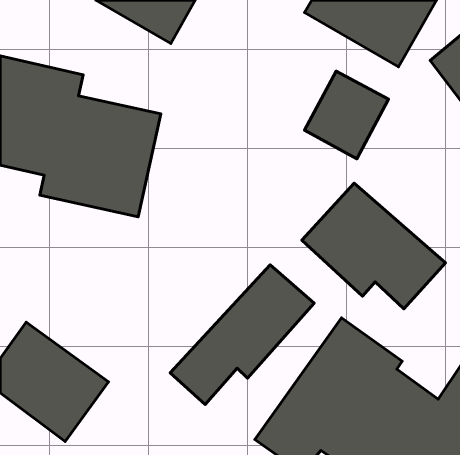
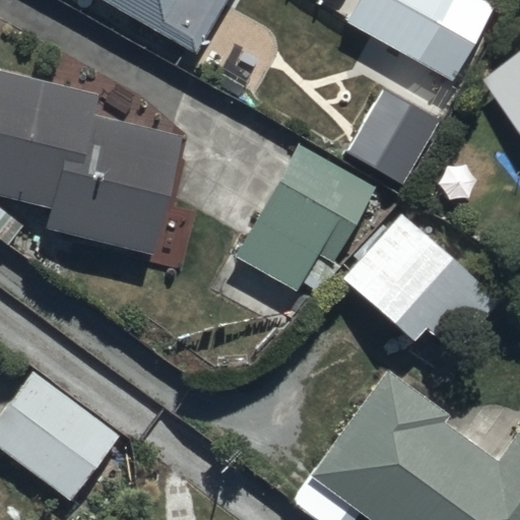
building: none -> [235,144,377,290]
building: [170,265,314,404] -> none

